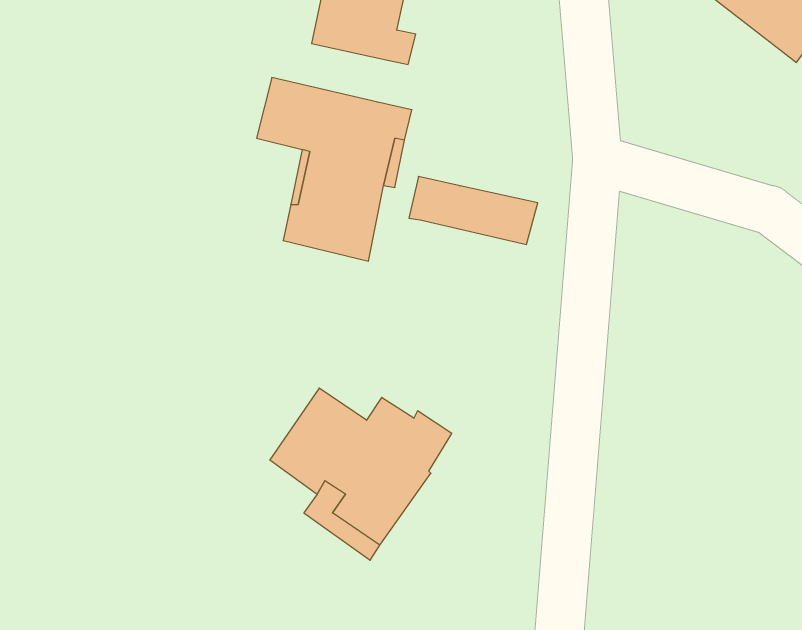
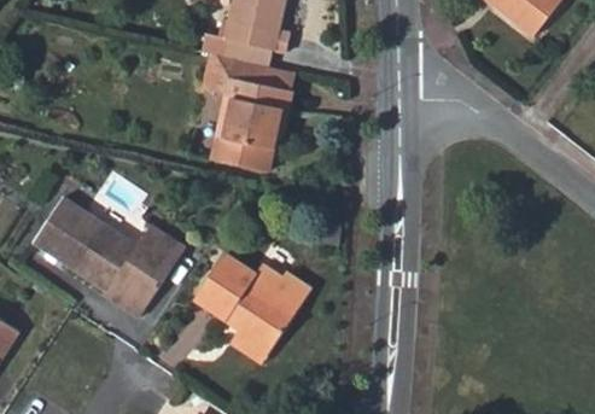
building: [409,176,538,245] -> [192,23,274,66]
building: none -> [42,194,189,316]

